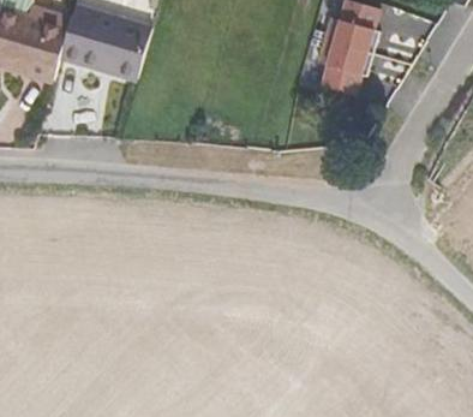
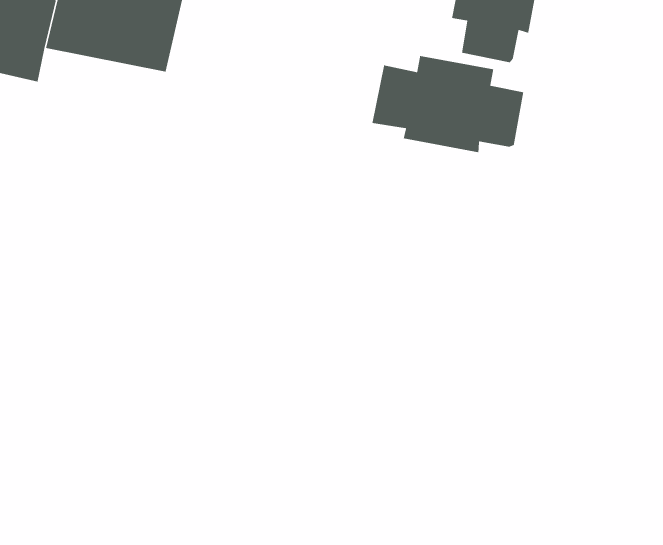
building: none -> [371,55,524,153]

